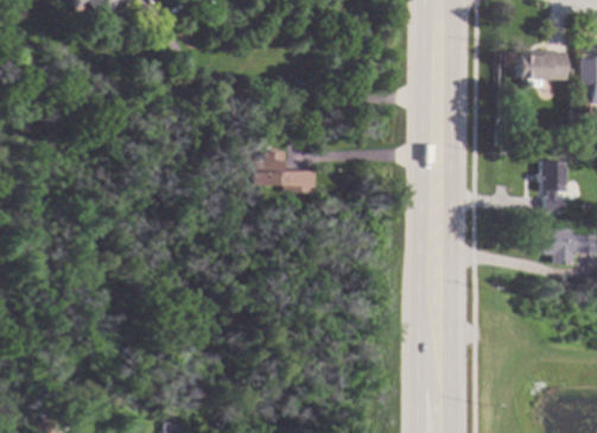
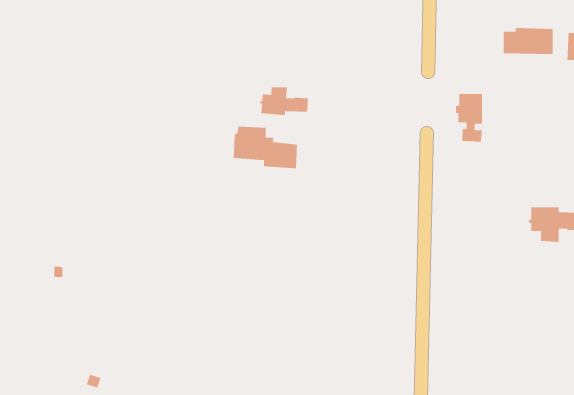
building: none -> [259,87,309,116]
building: [539,161,566,210] -> [455,93,483,143]

